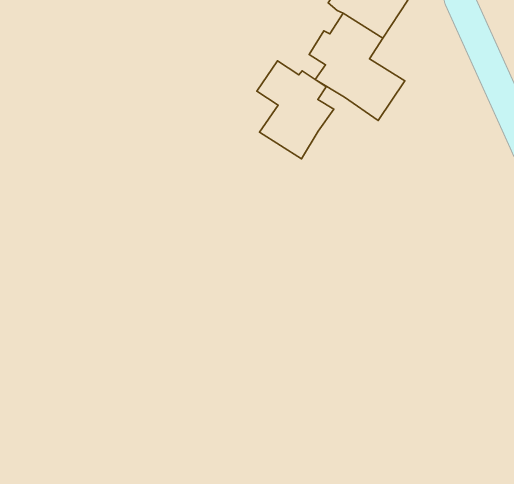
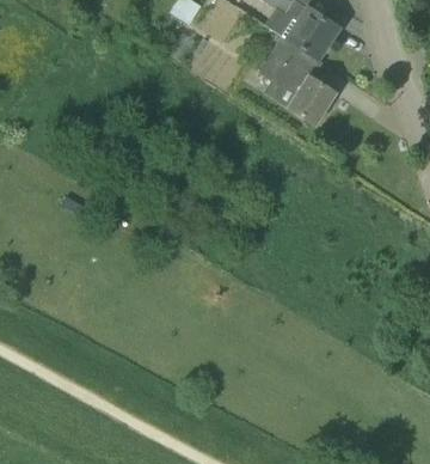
building: [257,61,334,159] -> none

